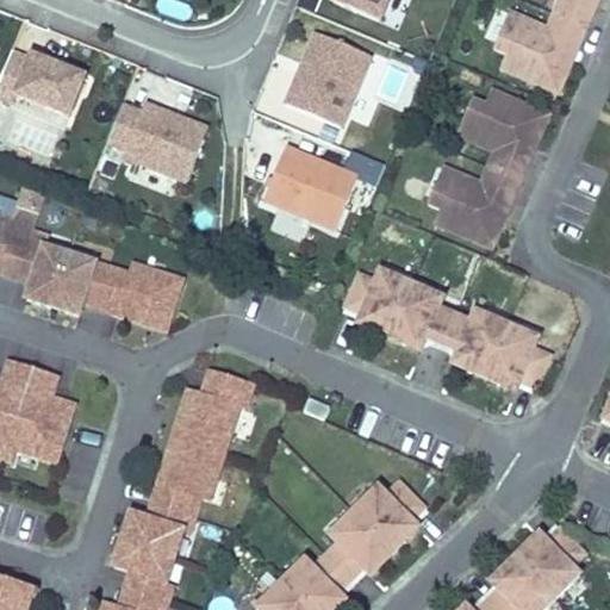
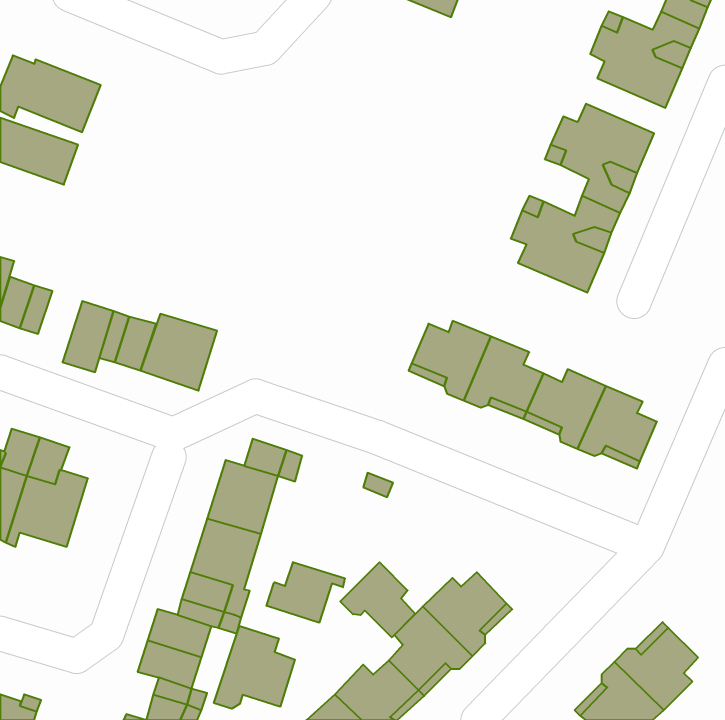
building: [285,27,371,122] -> none
building: [104,98,204,176] -> none
building: [263,141,356,224] -> none
building: [27,244,69,304] -> none
building: none -> [267,562,345,623]
building: none -> [340,562,415,637]
building: none -> [214,626,295,709]

